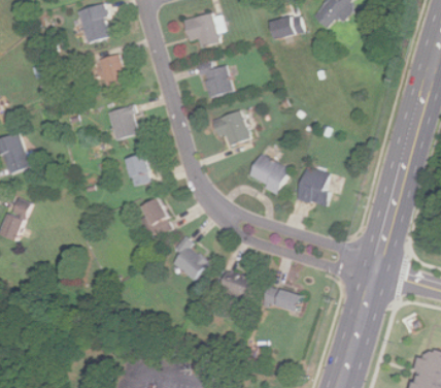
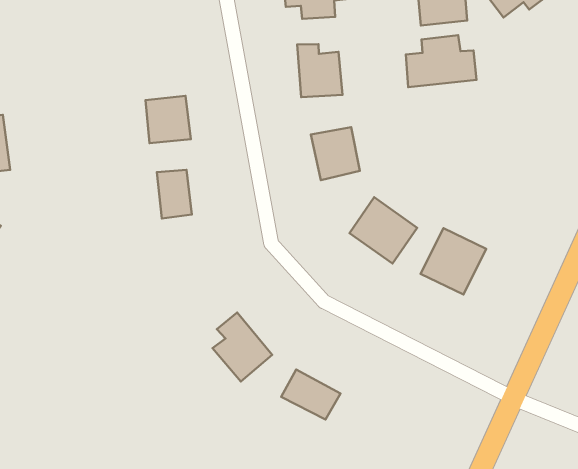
building: none -> [406,35,477,87]
building: [98,54,128,90] -> none
building: [135,196,170,237] -> none
building: [264,286,304,312] -> none

